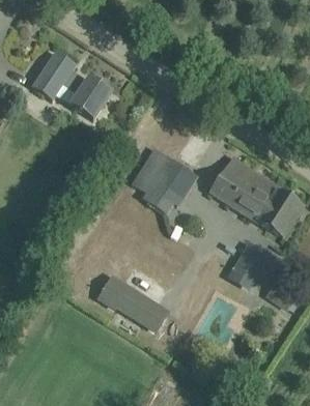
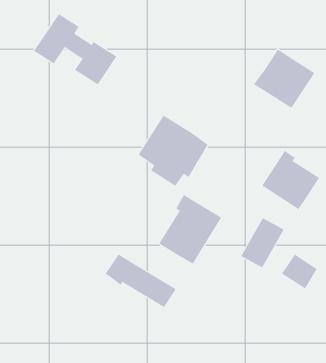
building: [210,157,269,213] -> [253,49,315,108]
building: none -> [158,194,222,265]

